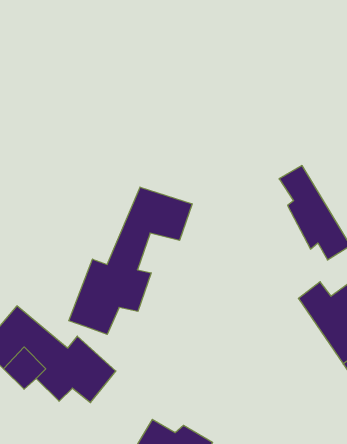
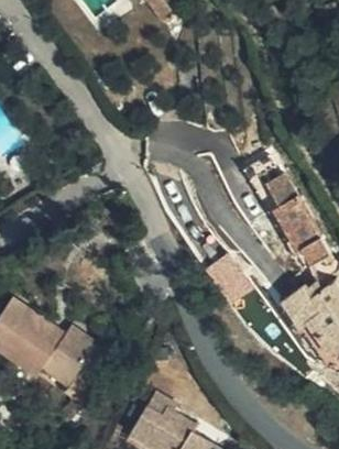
building: [69,187,192,334] -> none

